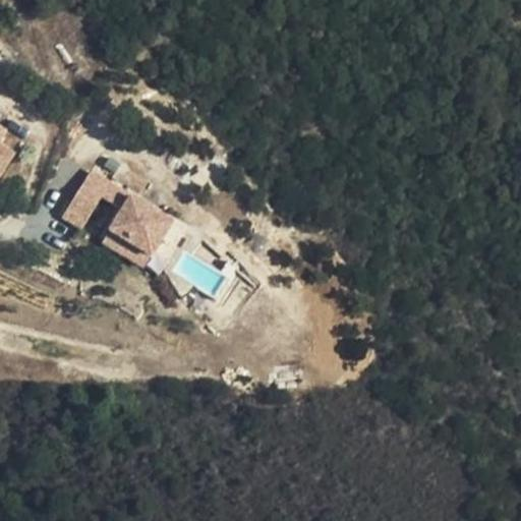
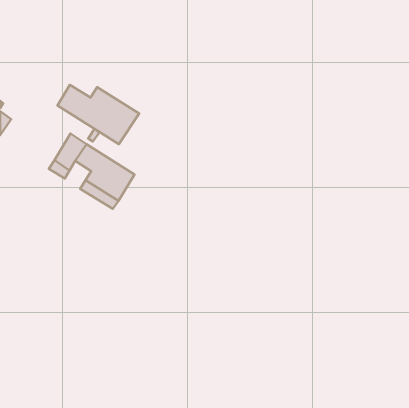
building: none -> [58,85,139,144]

